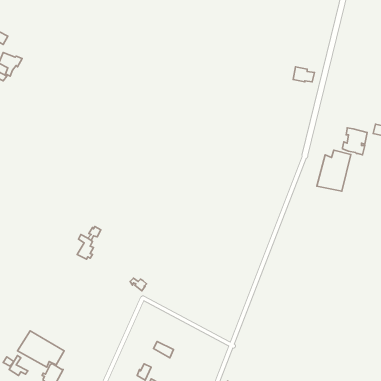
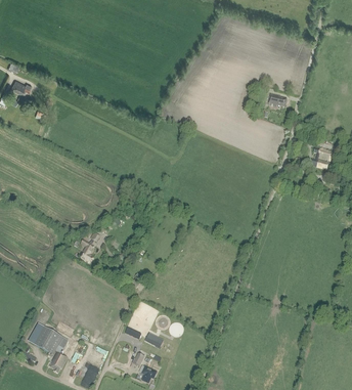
building: [317,150,351,191] -> none

